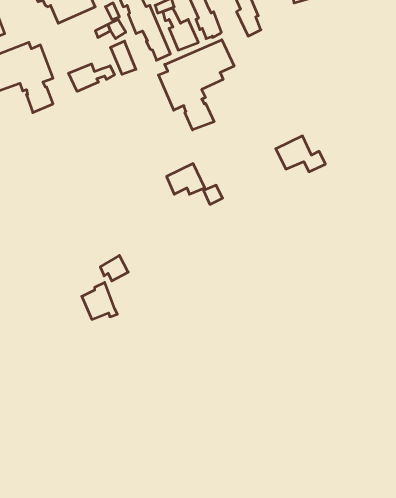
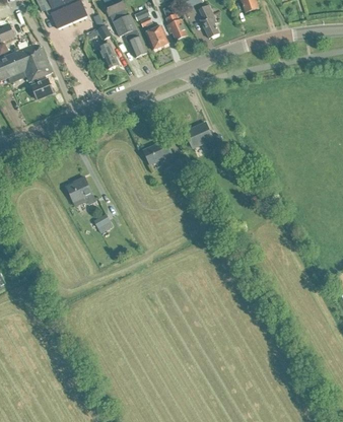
building: [158,40,234,130] -> none
building: [69,64,114,91] -> none
building: [276,136,325,172] -> [184,122,223,150]
building: [82,282,117,319] -> [66,177,94,206]

